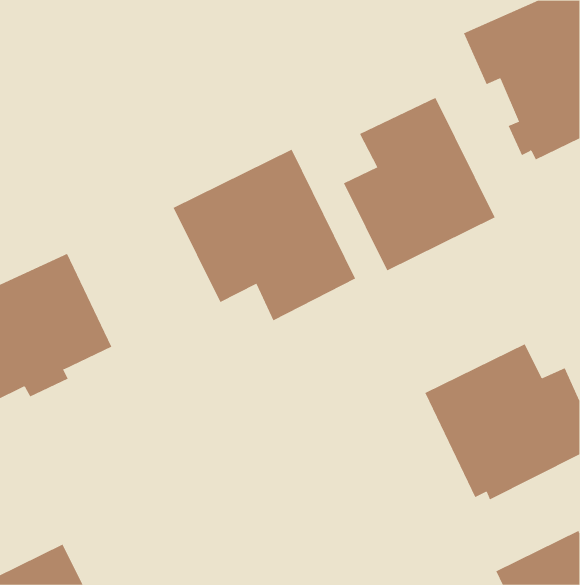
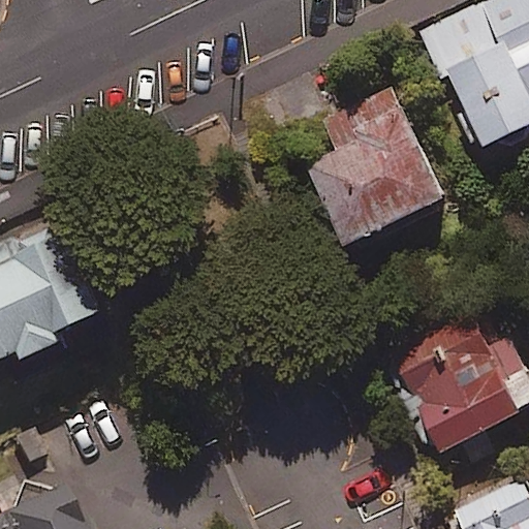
building: [173,149,356,321] -> none

